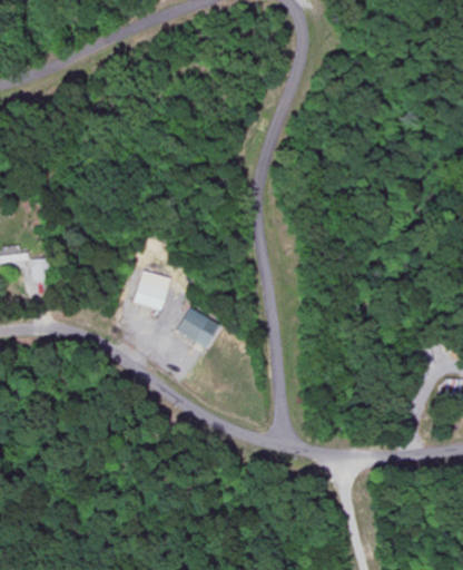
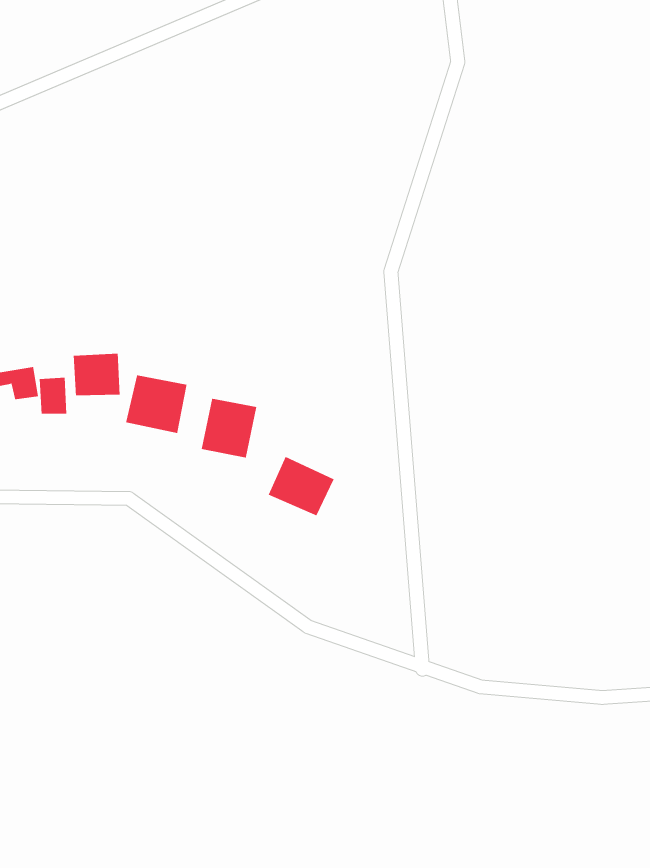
building: none -> [73,353,120,396]
building: none -> [125,374,187,434]

